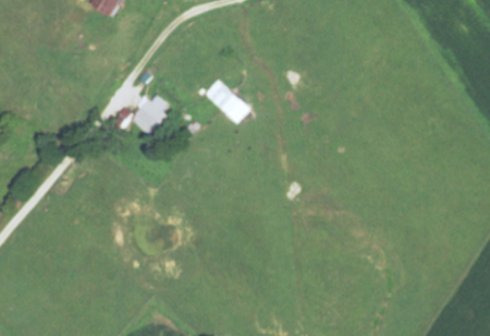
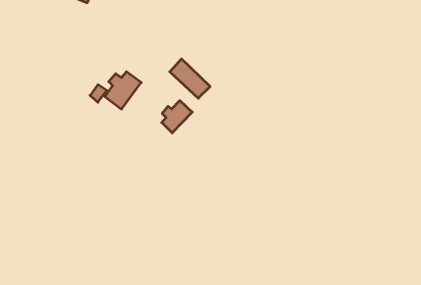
building: none -> [162,101,192,133]

